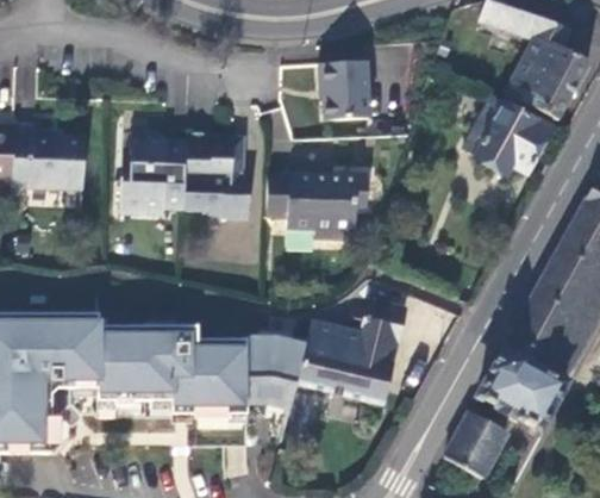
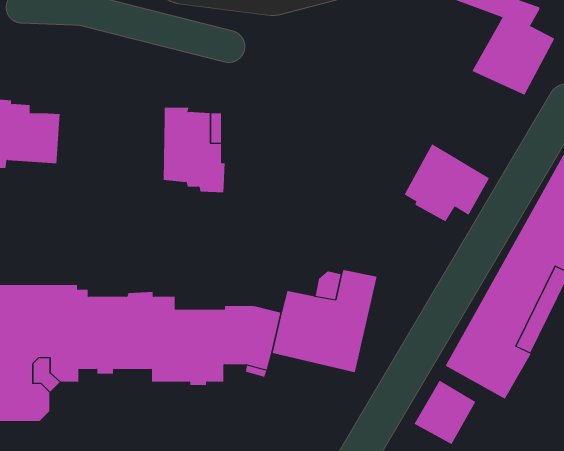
building: [319,61,370,118] -> none
building: [463,95,551,176] -> [404,143,490,222]
building: [117,132,187,217] -> none
building: [267,173,365,242] -> none

